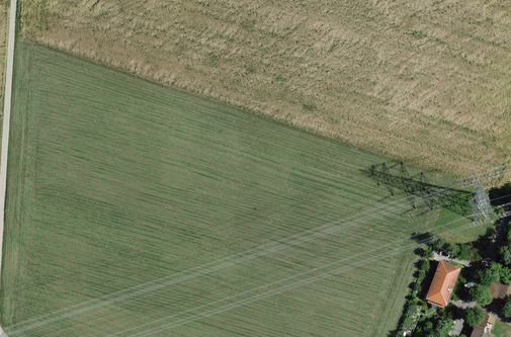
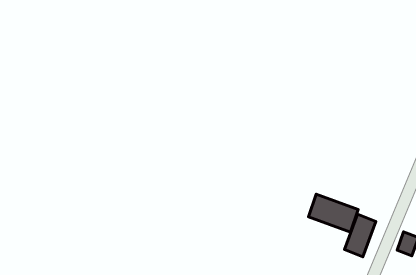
building: none -> [308,194,358,232]

